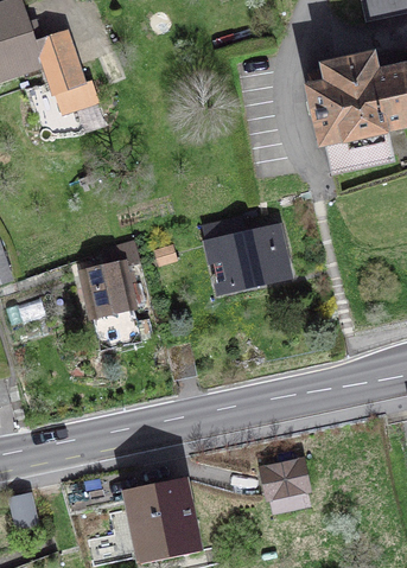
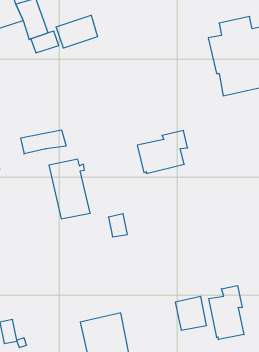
building: none -> [56,15,98,48]
building: none -> [21,130,66,154]
building: none -> [209,286,244,340]

